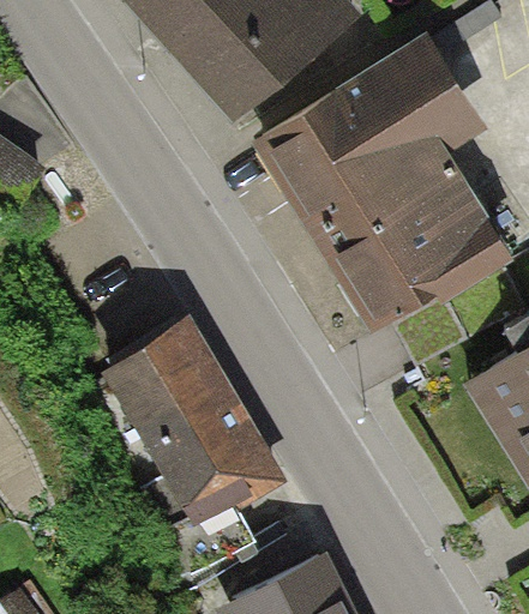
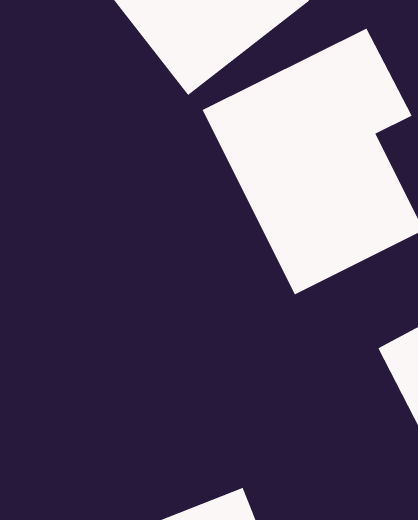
building: [100,315,287,531] -> none

